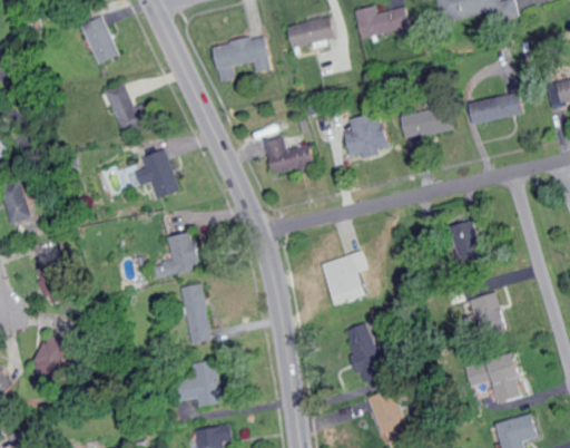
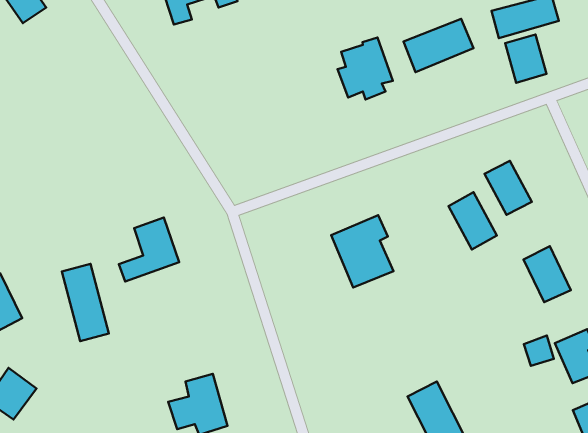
building: [101,80,150,135] -> none
building: none -> [505,34,546,83]
building: [263,137,312,174] -> none
building: [122,148,178,199] -> none
building: none -> [449,192,497,250]
building: [179,283,210,343] -> [62,264,109,341]
building: [343,323,385,384] -> none

